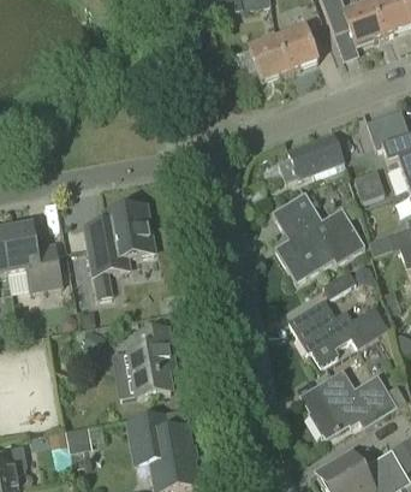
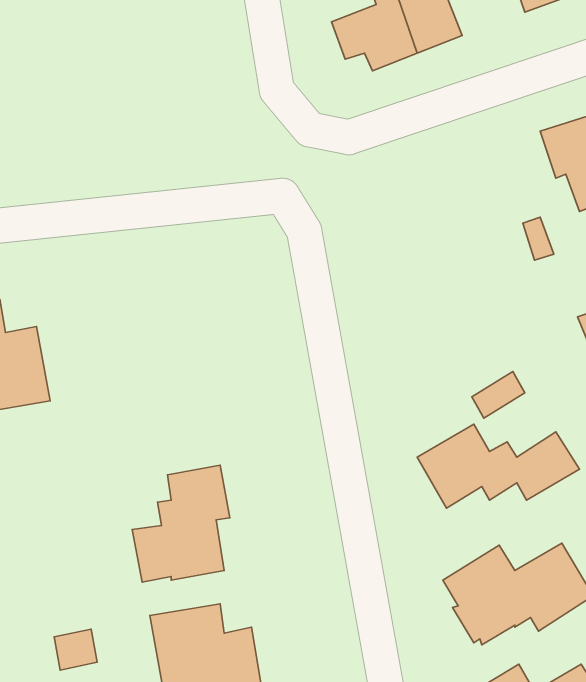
building: [287,132,342,178] -> none
building: [272,191,365,281] -> none
building: [85,202,155,296] -> none

